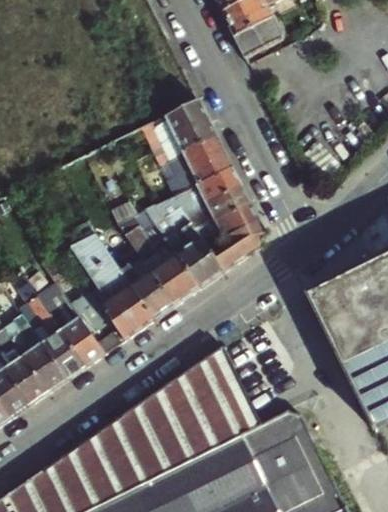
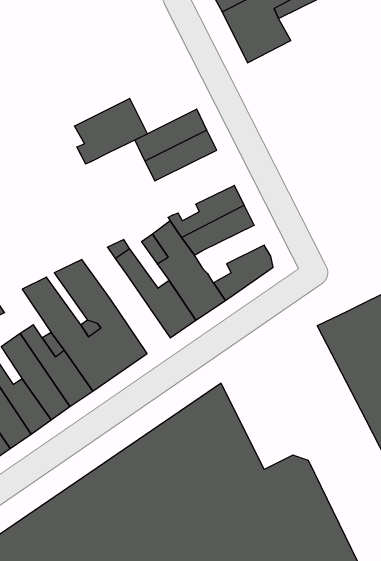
building: [166,136,232,195] -> [74,98,147,164]
building: [203,204,259,241] -> none
building: [120,248,174,320] -> none

